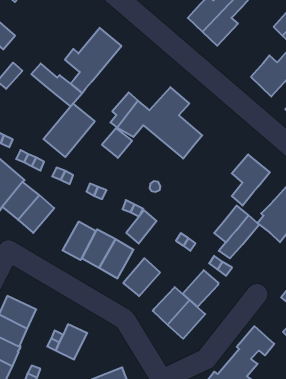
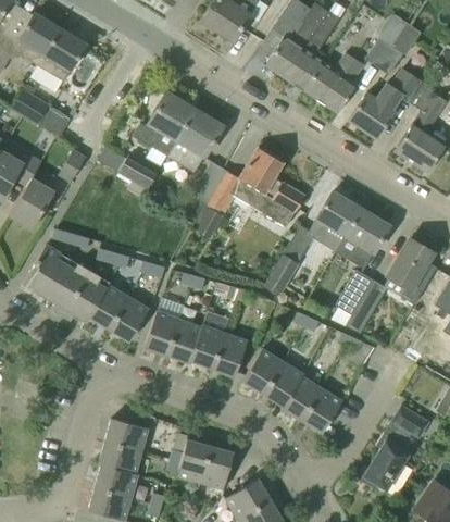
building: none -> [304,54,361,113]
building: [43,103,95,157] -> [167,109,223,172]
building: none -> [307,191,361,248]
building: [126,210,157,244] -> [265,254,298,294]
building: none -> [143,310,179,355]
building: [183,270,219,307] -> [263,361,302,405]
building: none -> [201,445,234,485]

